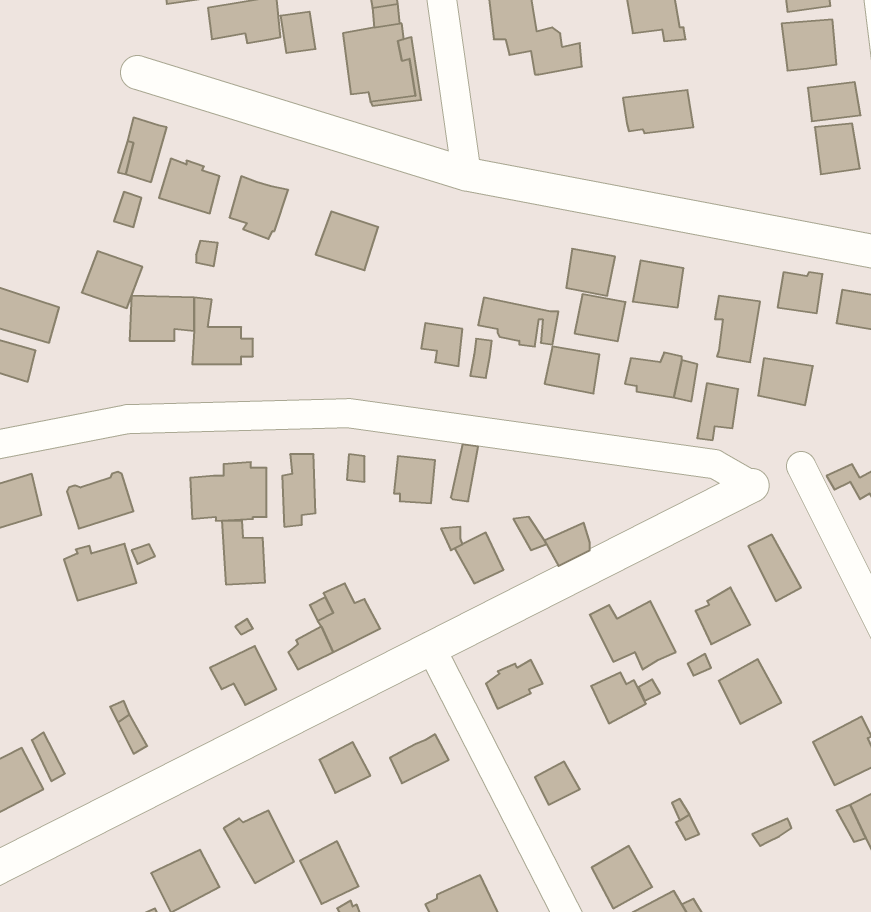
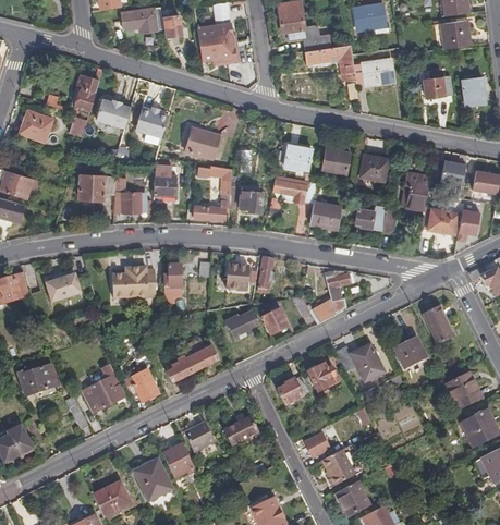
building: none -> [307,45,356,80]
building: [808,82,861,121] -> [424,75,453,97]
building: [82,251,142,308] -> [21,110,54,142]
building: none -> [154,163,178,196]
building: none -> [196,167,232,219]
building: [575,294,626,341] -> [284,145,313,171]
building: [697,383,738,440] -> [458,210,480,242]
building: none -> [325,272,352,312]
building: [222,521,265,585] -> none
building: none -> [225,312,258,342]
building: [64,544,136,601] -> [16,364,57,395]
building: none -> [83,366,125,413]
building: [719,659,781,724] -> [447,373,481,408]
building: [591,672,646,723] -> [307,364,338,392]
building: none -> [321,449,355,486]
building: [300,841,359,904] -> [161,443,194,478]

